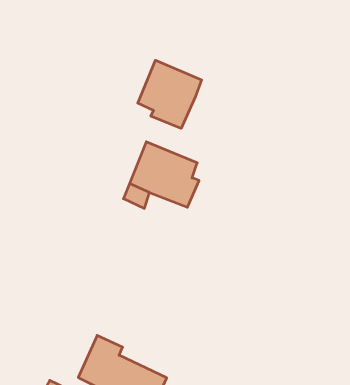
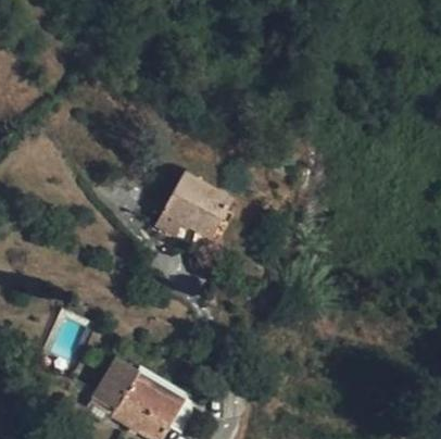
building: [138,60,202,128] -> none

